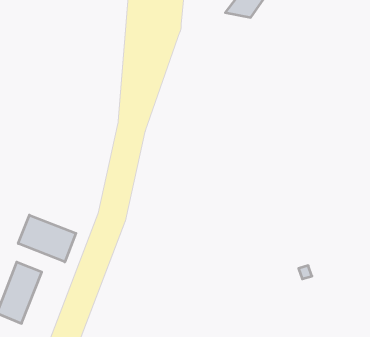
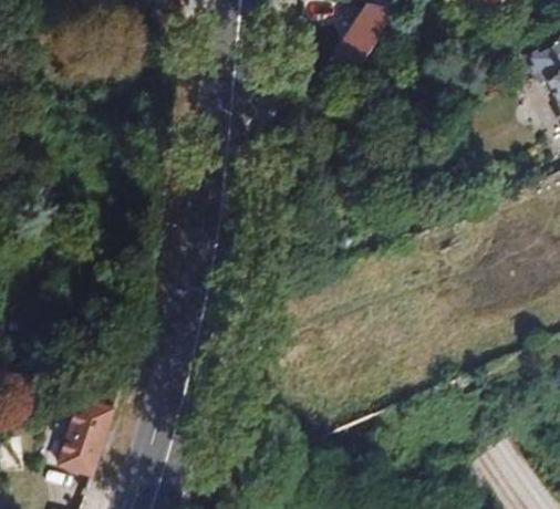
building: [18,215,76,262] -> none

